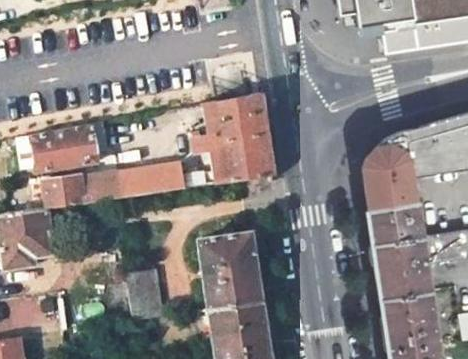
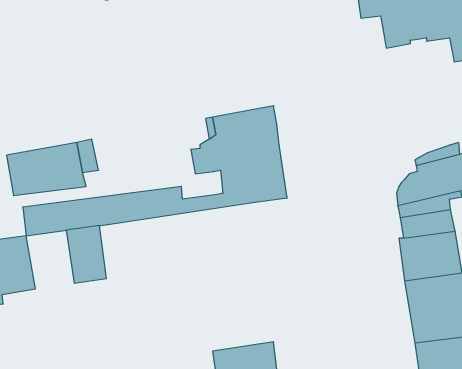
building: [199,230,261,306] -> none
building: [128,267,163,317] -> [66,226,106,283]

